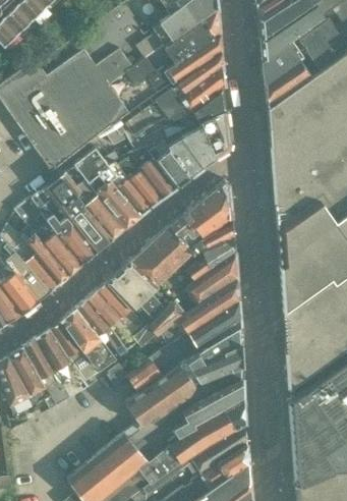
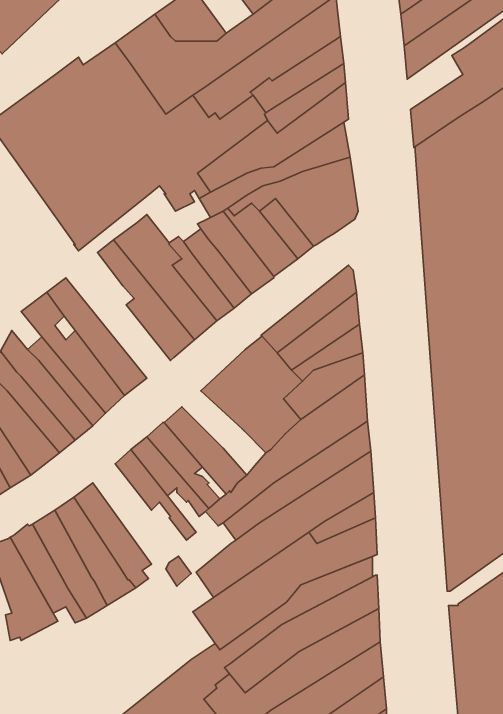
building: [264,43,299,80] -> none
building: [45,172,112,253] -> none
building: [119,261,173,315] -> none
building: [62,308,117,372] -> none

